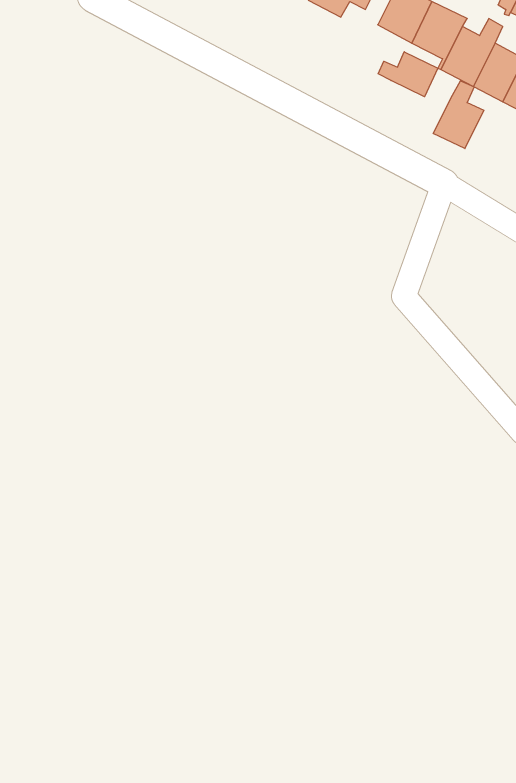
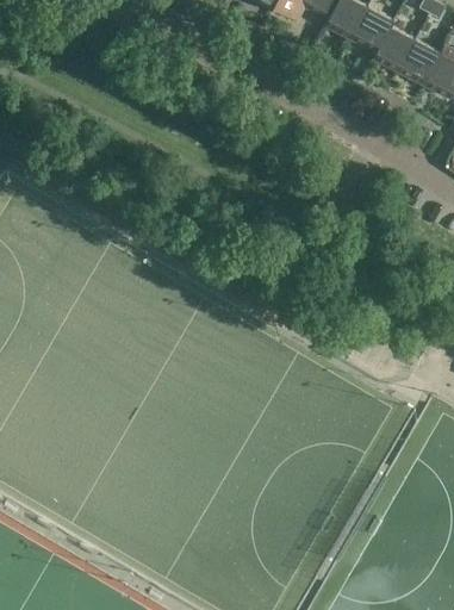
building: [378,52,438,97] -> none
building: [433,81,484,149] -> none

